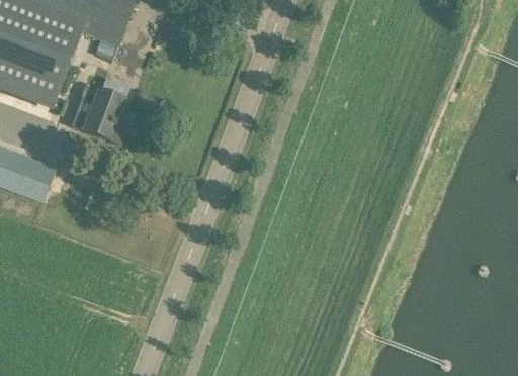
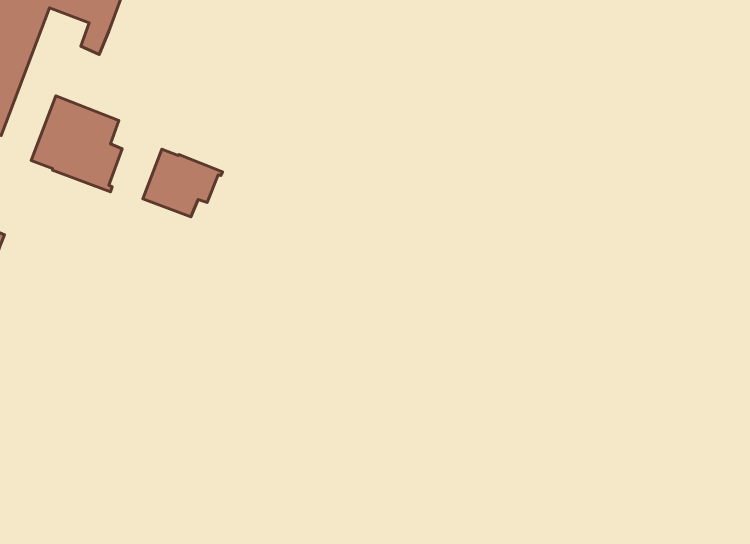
building: none -> [143,149,223,217]

